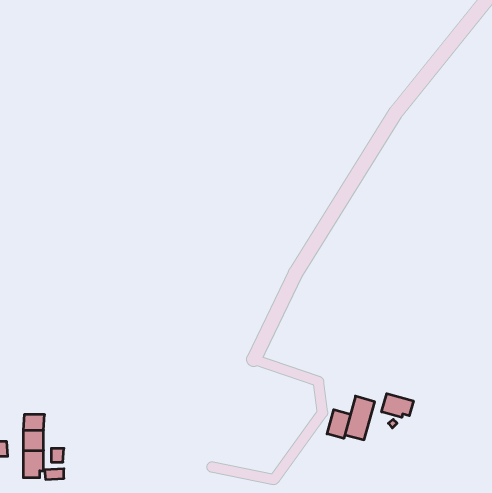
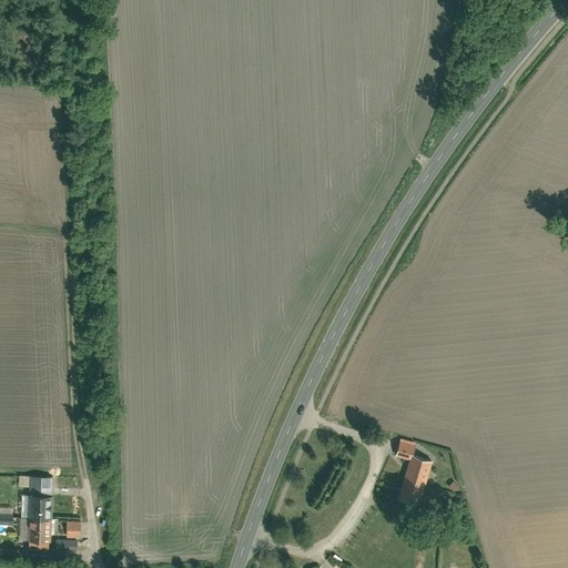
building: [382,394,413,417] -> none
building: [327,410,350,438] -> none

